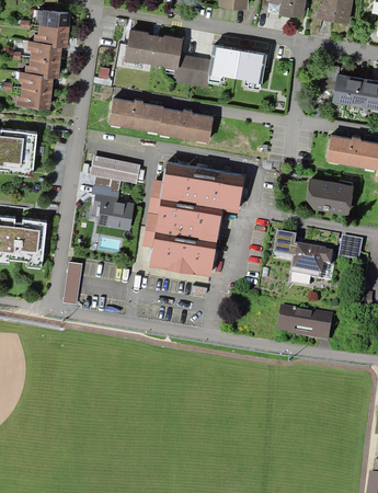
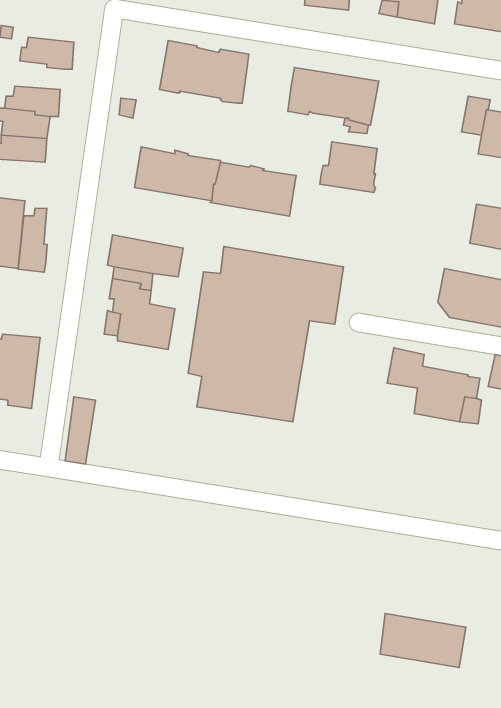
building: [36,9,71,30] -> none
building: [27,41,62,60] -> none
building: [173,54,210,87] -> [320,142,377,192]
building: none -> [18,208,47,272]
building: [277,302,333,337] -> [380,614,466,668]

